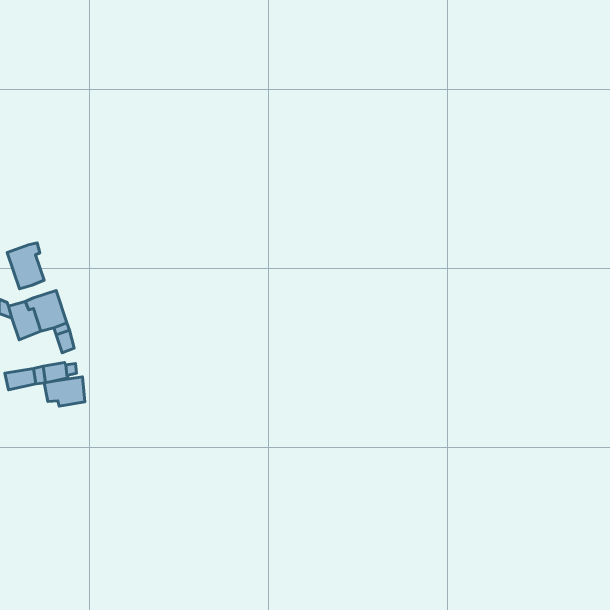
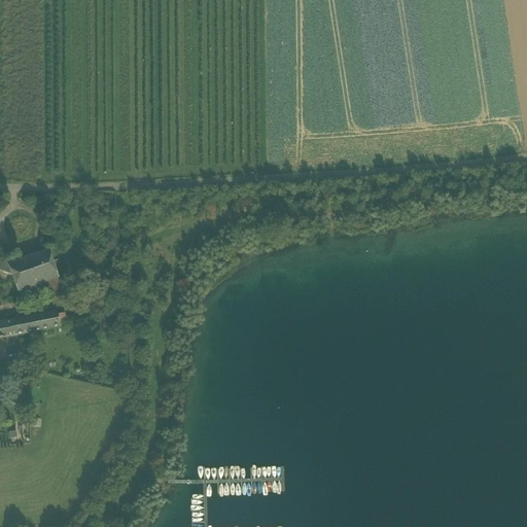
building: [7,243,44,289] -> none
building: [44,377,85,406] -> none

